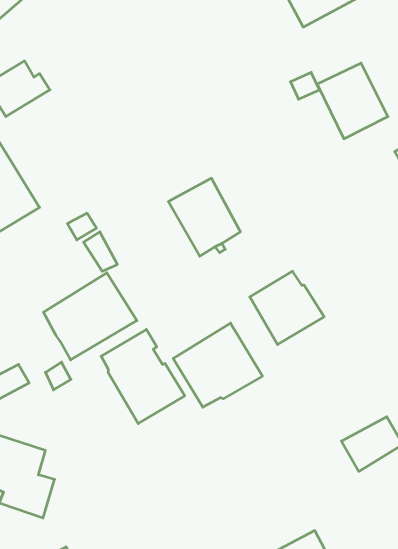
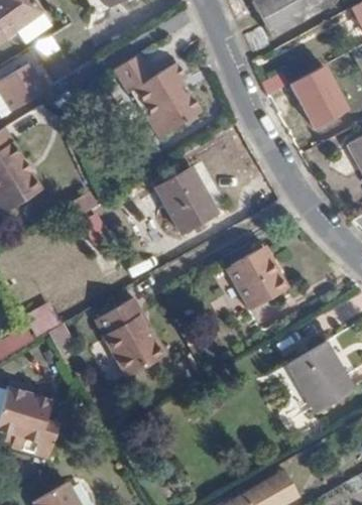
building: none -> [114,57,200,140]
building: [44,273,137,360] -> none
building: [173,323,262,407] -> none
building: none -> [287,343,344,393]

